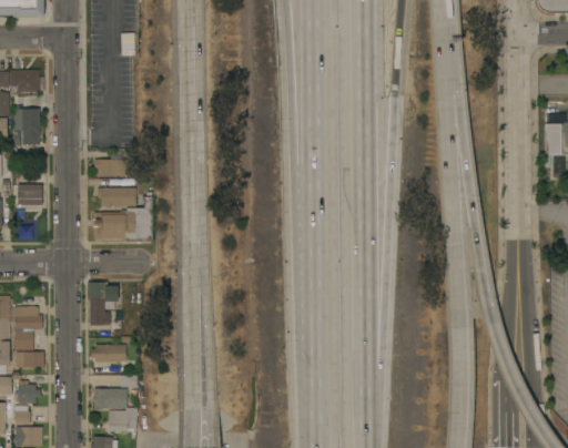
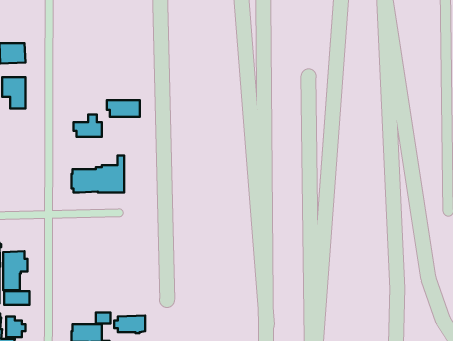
building: [18,183,42,204] -> none
building: [98,186,135,205] -> [107,100,140,117]
building: [85,282,116,325] -> none
building: [91,343,126,363] -> [114,316,145,333]

